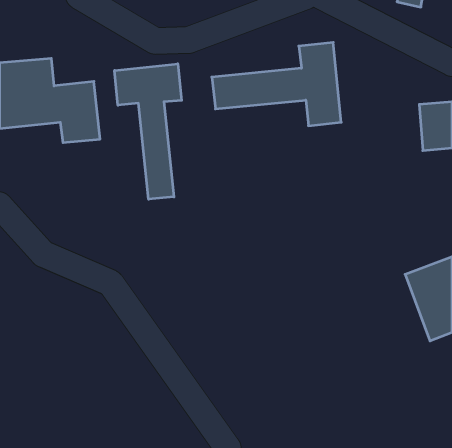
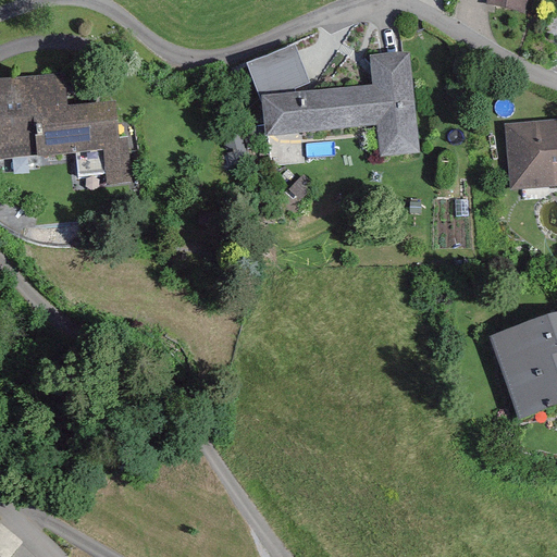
building: none -> [245,42,308,96]
building: [115,64,182,199] -> none

